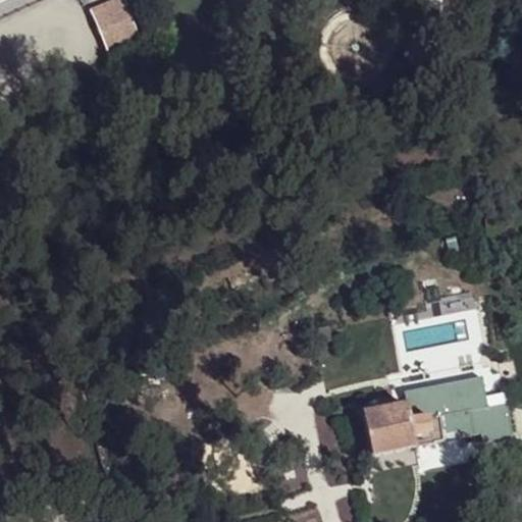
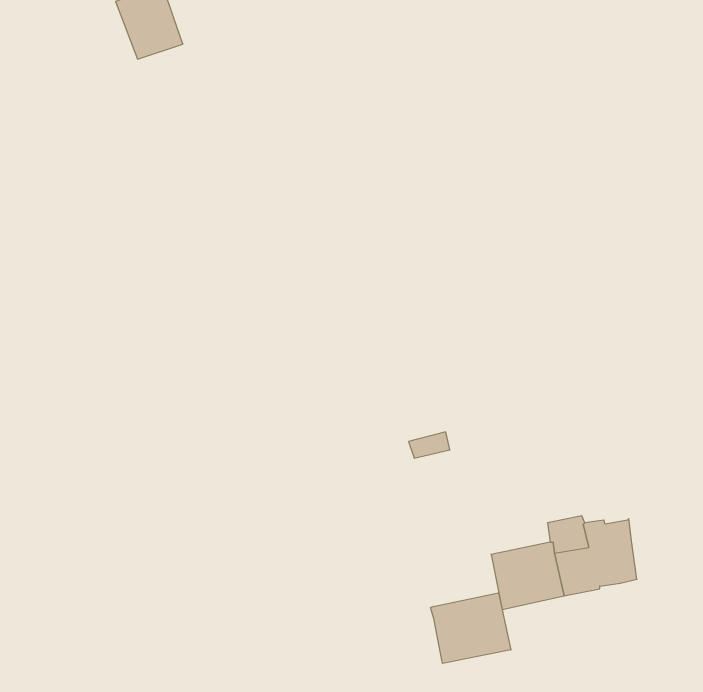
building: [466,381,510,429] -> none
building: none -> [430,593,511,663]

